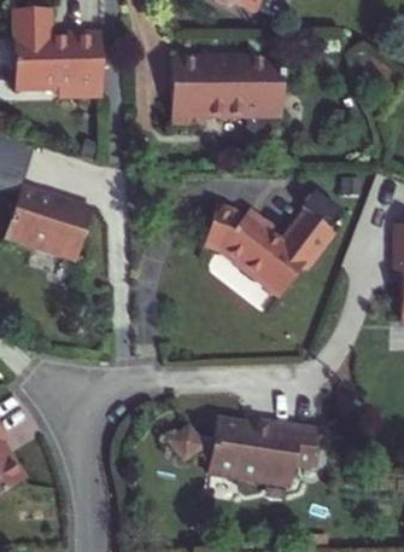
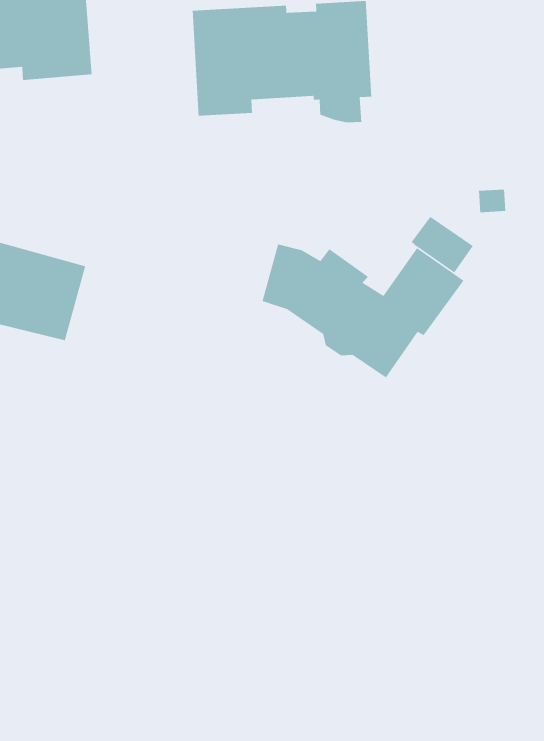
building: [166,418,315,484] -> none

